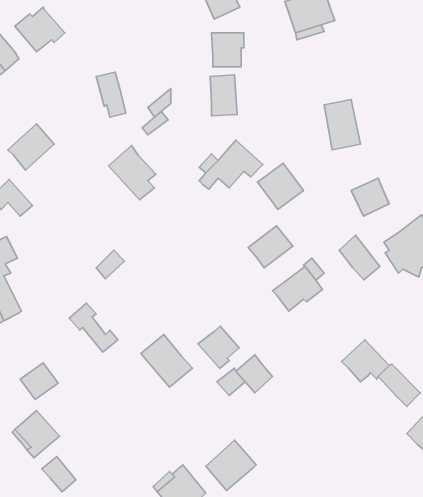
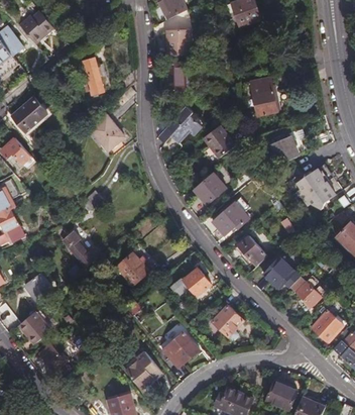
building: [339,235,380,280] -> [238,234,268,268]
building: [198,326,239,369] -> none
building: none -> [212,305,243,337]

